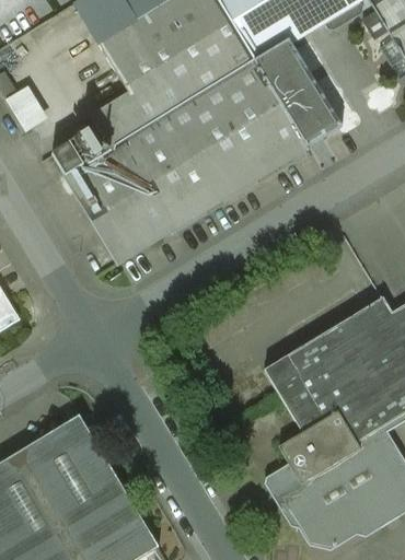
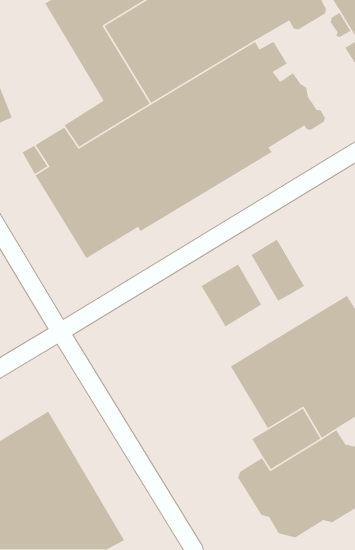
building: none -> [251,239,305,302]
building: none -> [200,264,262,327]

